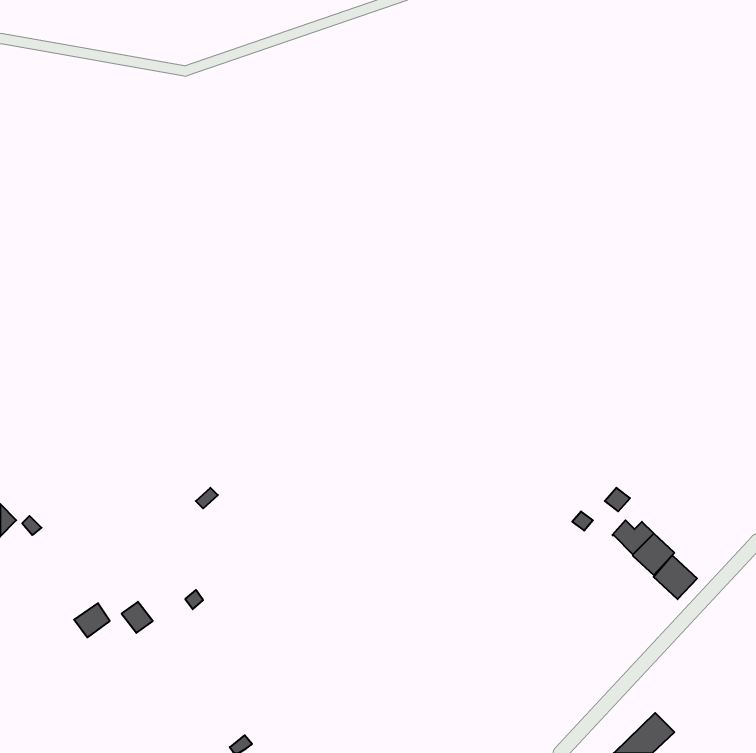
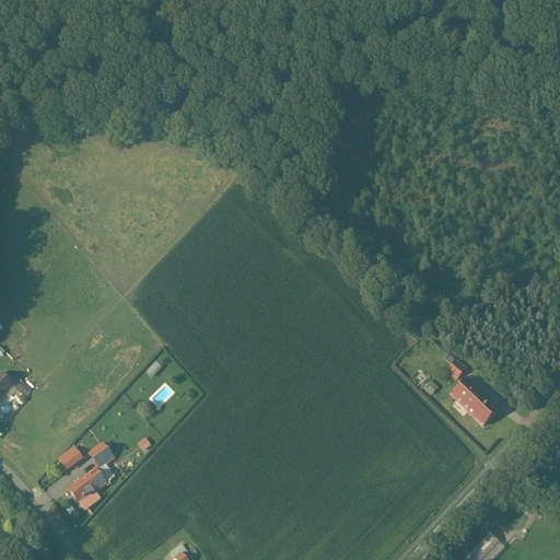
building: [654,556,697,599] -> none
building: none -> [71,469,106,502]

